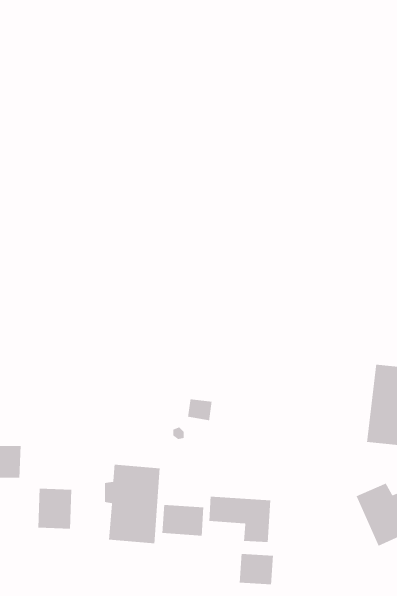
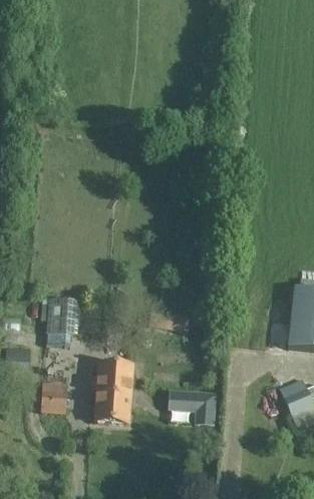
building: none -> [44,297,75,344]
building: [162,504,204,536] -> none
building: [239,553,274,585] -> none

